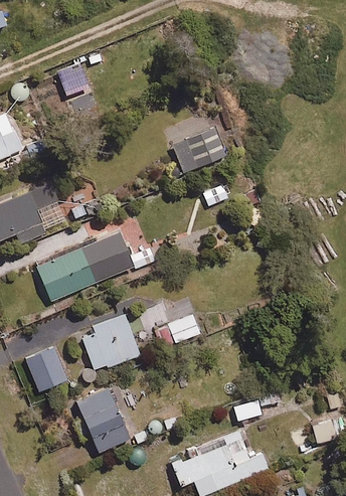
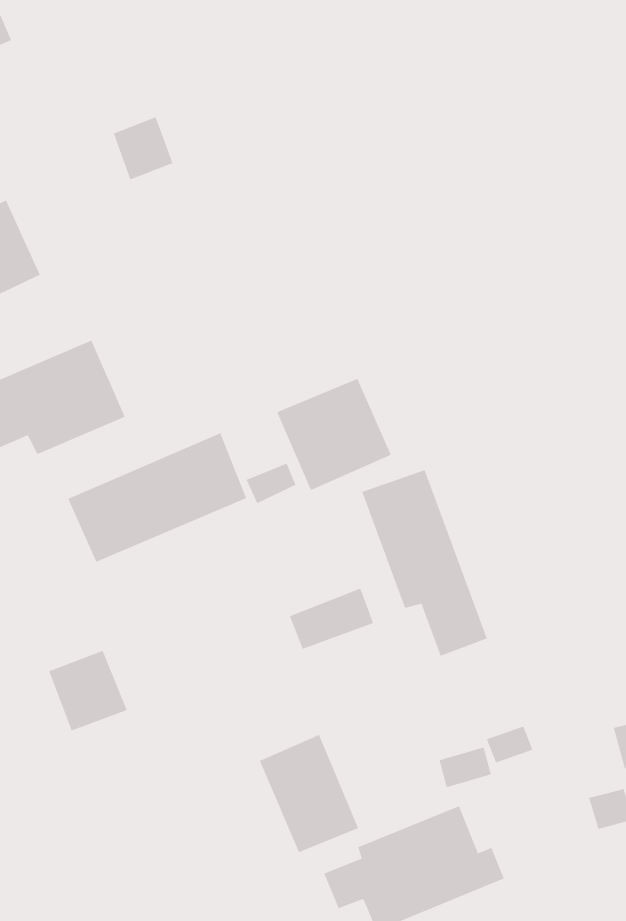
building: [167,115,228,175] -> [276,378,392,491]
building: none -> [361,469,488,657]
building: [82,315,139,370] -> none
building: [75,388,129,452] -> [259,734,359,853]

